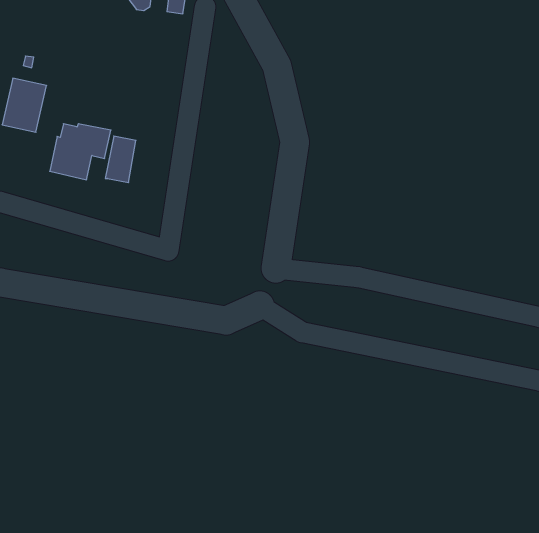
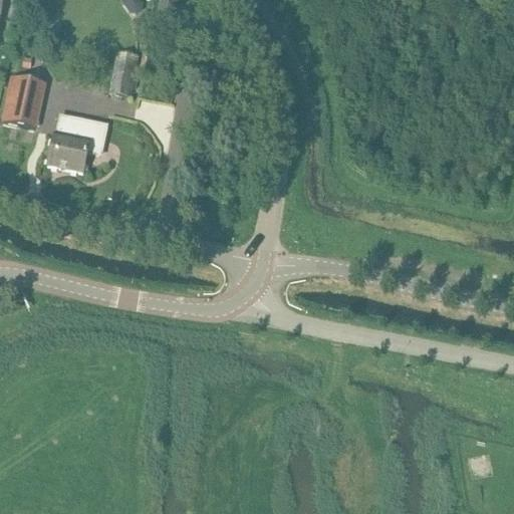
building: [105,136,136,183] -> [109,49,139,93]

